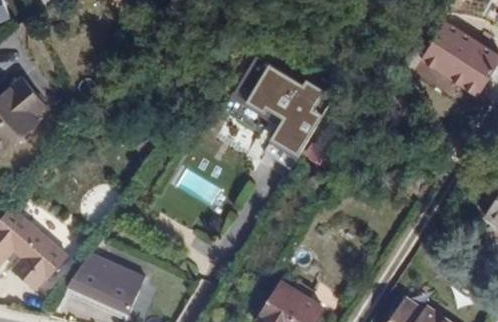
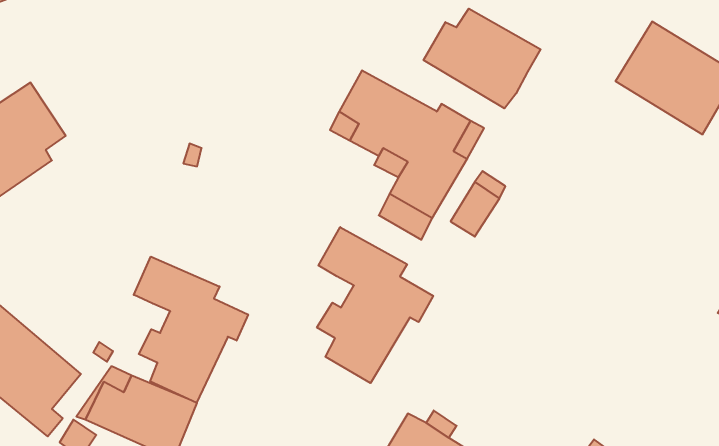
building: none -> [424,9,541,108]
building: none -> [317,227,433,383]
building: none -> [134,257,248,403]

